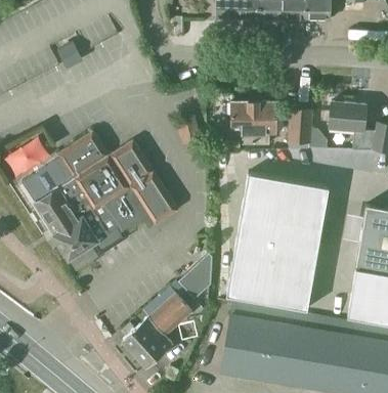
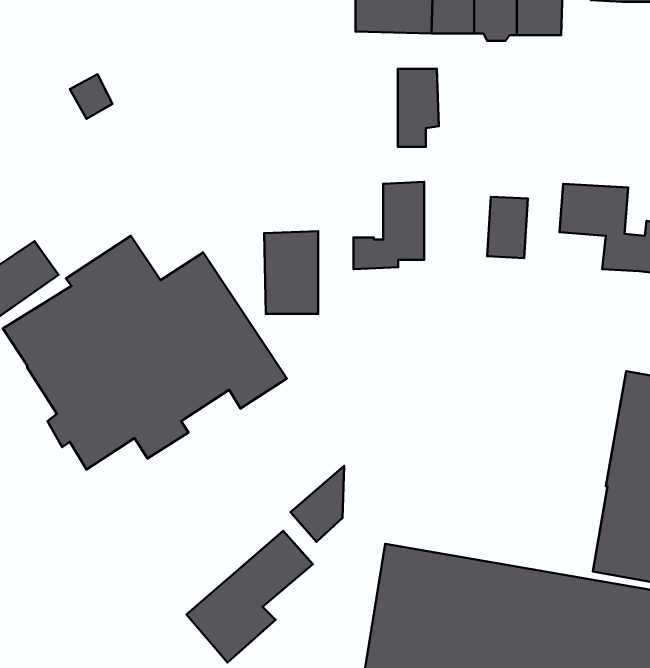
building: [254,101,276,144] -> [398,69,439,147]
building: none -> [264,231,318,314]
building: [226,173,329,309] -> none

